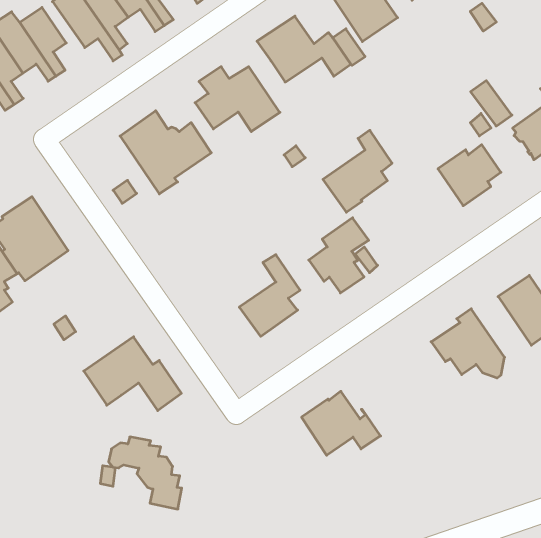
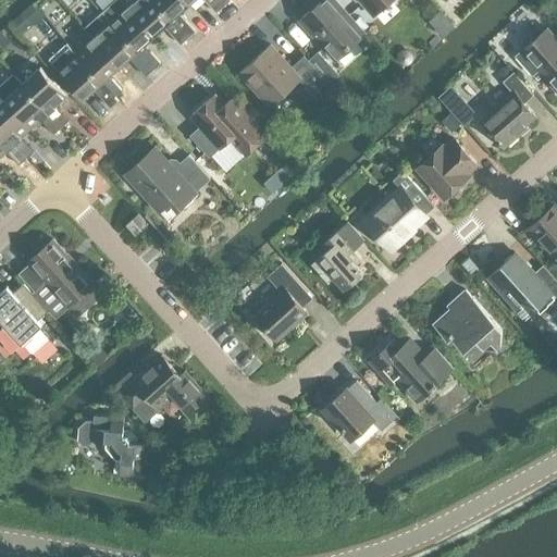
building: [323,130,392,212] -> [366,173,426,250]
building: none -> [369,341,453,403]
building: [109,437,182,509] -> [77,417,147,476]

